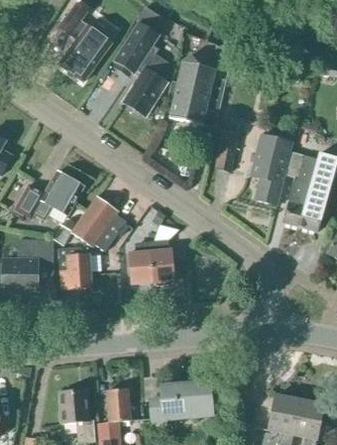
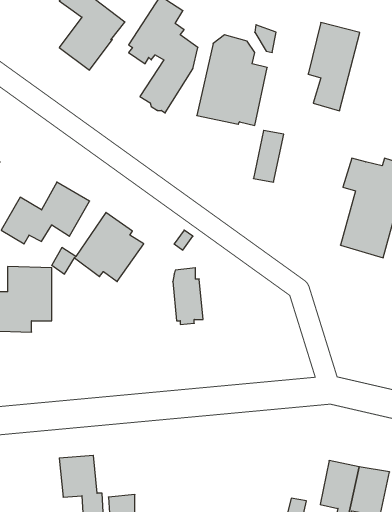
building: [250,134,292,205] -> [308,23,360,111]
building: [128,242,152,285] -> none
building: [58,247,90,290] -> none
building: [143,376,211,425] -> none
building: [106,388,130,422] -> none

